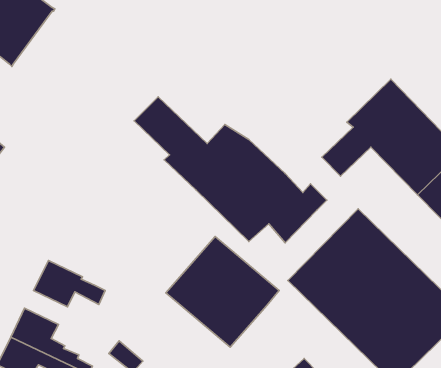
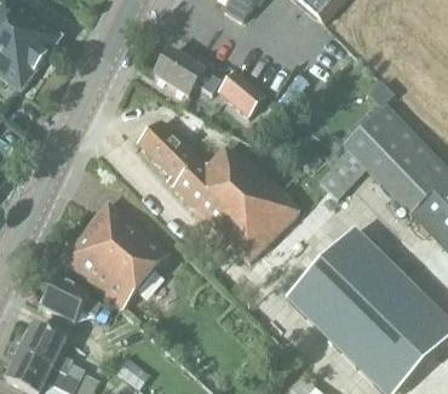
building: none -> [154,47,216,95]
building: none -> [218,69,265,115]
building: [166,236,279,347] -> [61,200,170,307]

